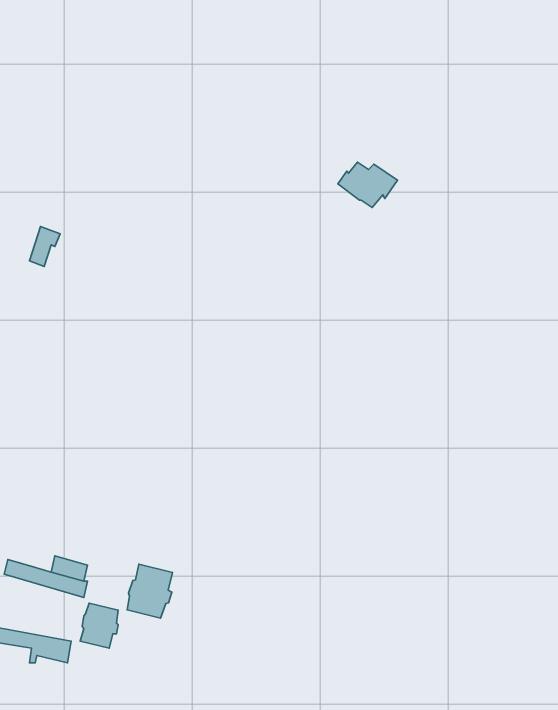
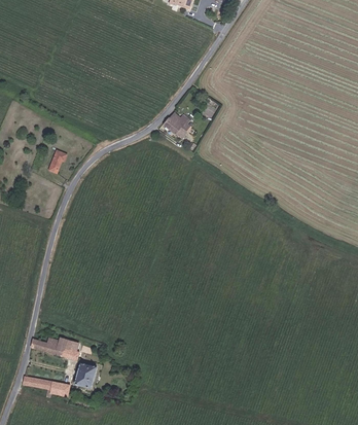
building: [338,162,397,207] -> [165,111,199,137]
building: [127,564,172,618] -> none

